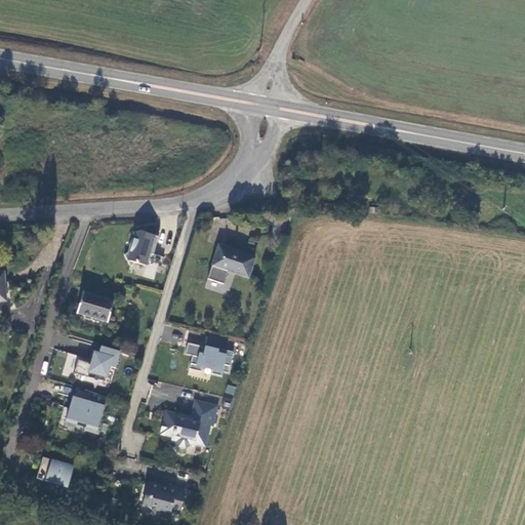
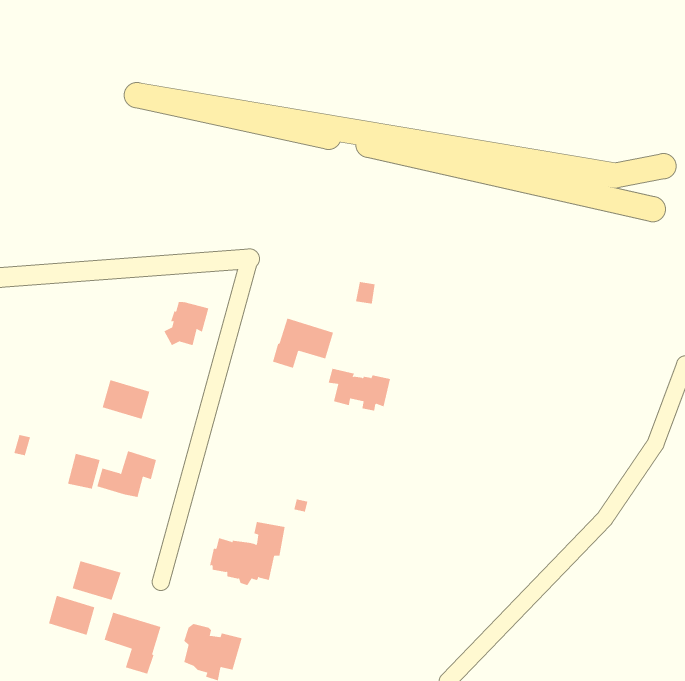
building: [185,341,233,374] -> [328,368,391,411]
building: [67,396,105,427] -> [72,560,121,601]
building: none -> [104,612,161,675]

